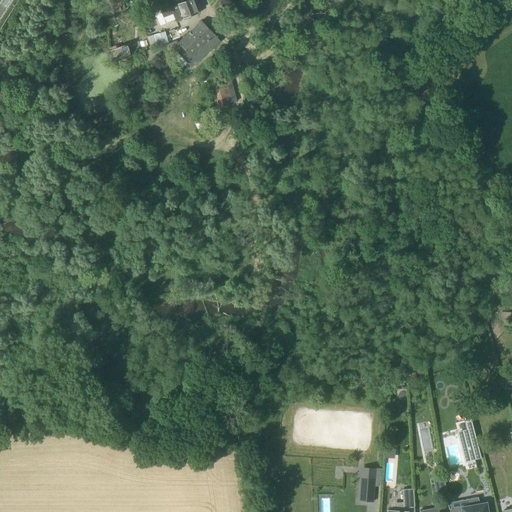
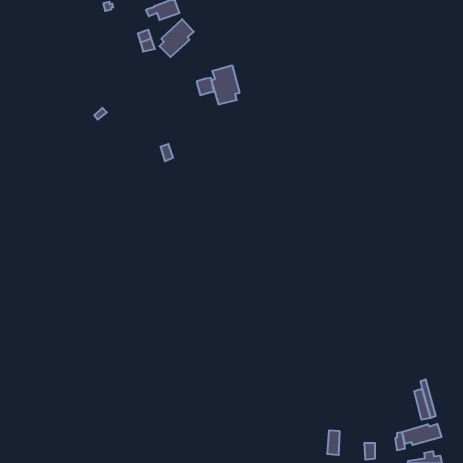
building: none -> [212,65,239,105]
building: none -> [402,424,441,445]

